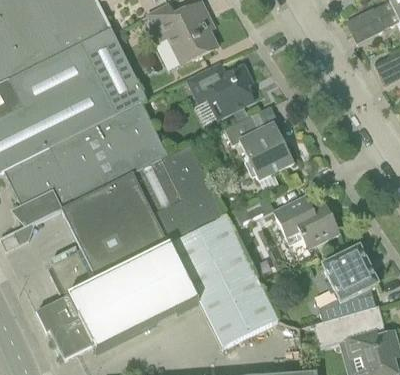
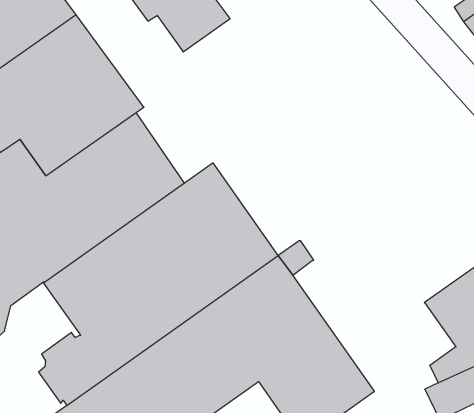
building: [187,65,253,115] -> none
building: [224,115,293,180] -> none
building: [273,198,339,248] -> none

